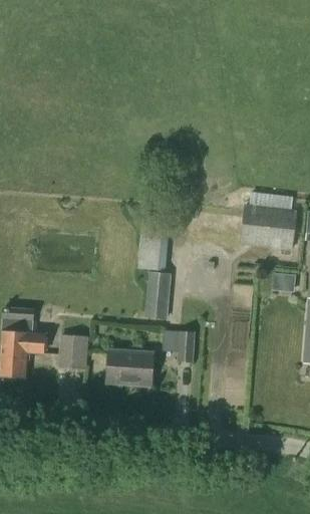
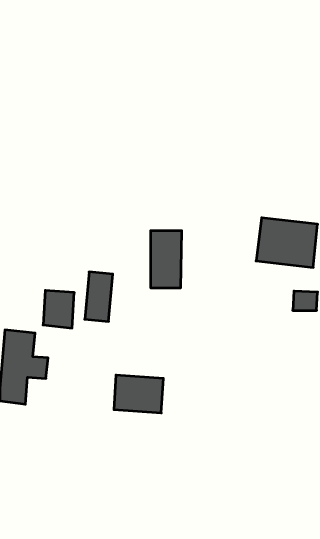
building: [144,272,171,318] -> [85,272,113,321]
building: [163,330,195,362] -> none
building: [58,334,87,369] -> [43,290,74,328]

